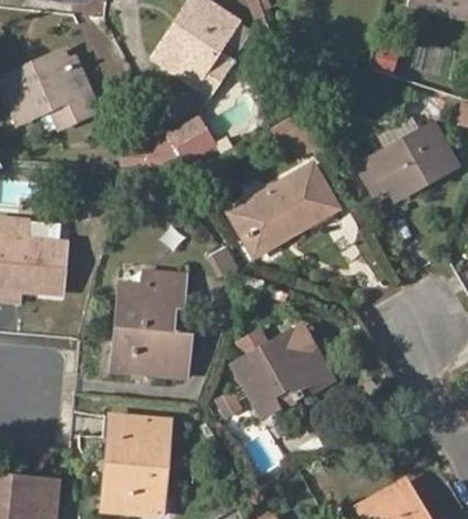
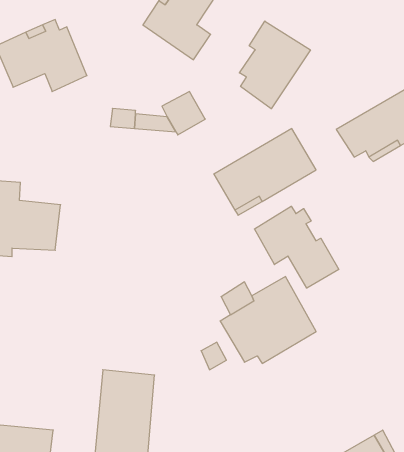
building: none -> [239,21,310,109]
building: none -> [254,206,339,288]
building: [112,272,190,375] -> none

